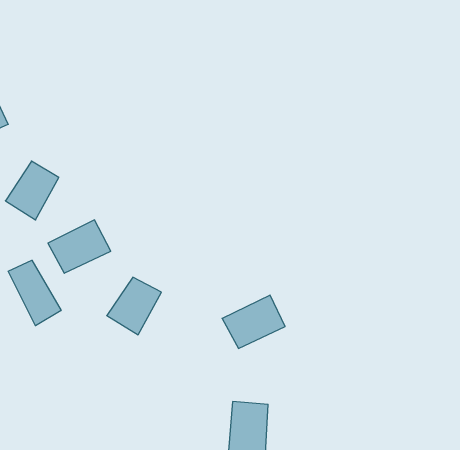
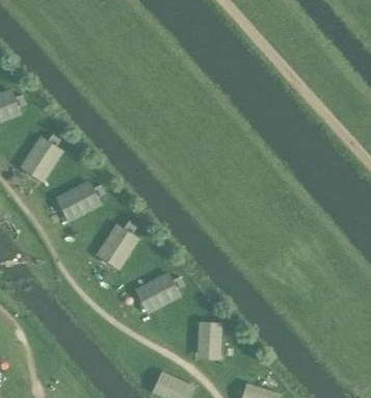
building: [8,260,61,326] -> none
building: [222,295,285,348] -> [132,270,180,311]

